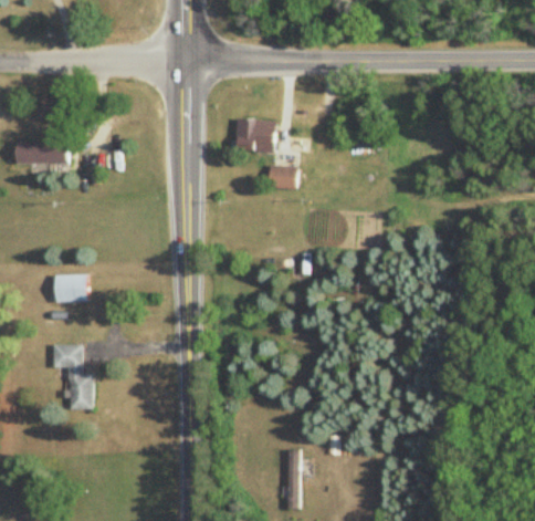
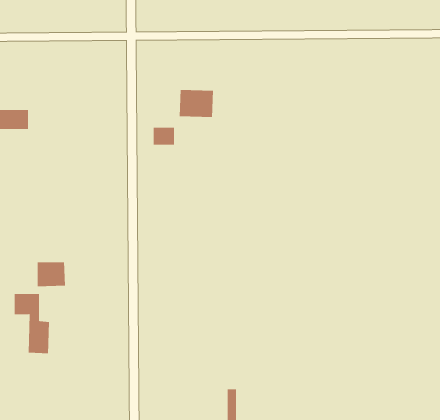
building: [270,167,294,187] -> [153,127,175,145]
building: [55,275,87,303] -> [37,262,66,287]

